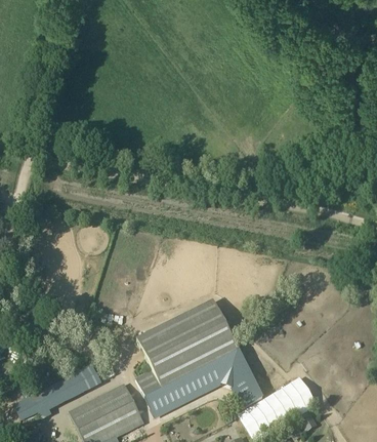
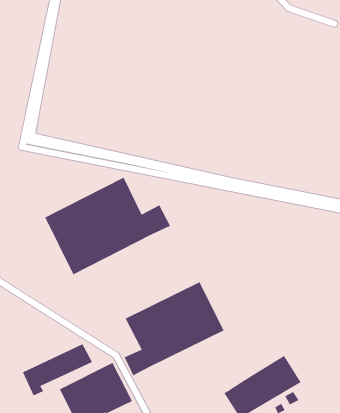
building: none -> [45,177,171,275]
building: [144,349,263,417] -> none

